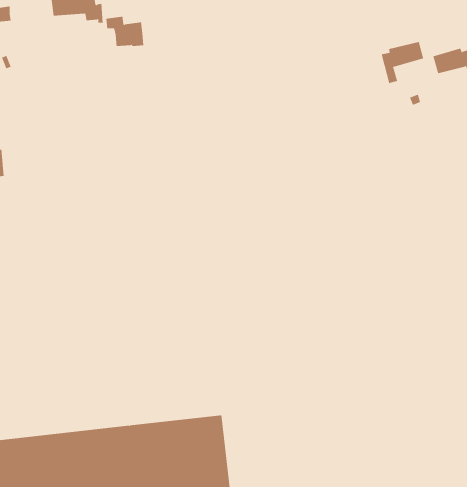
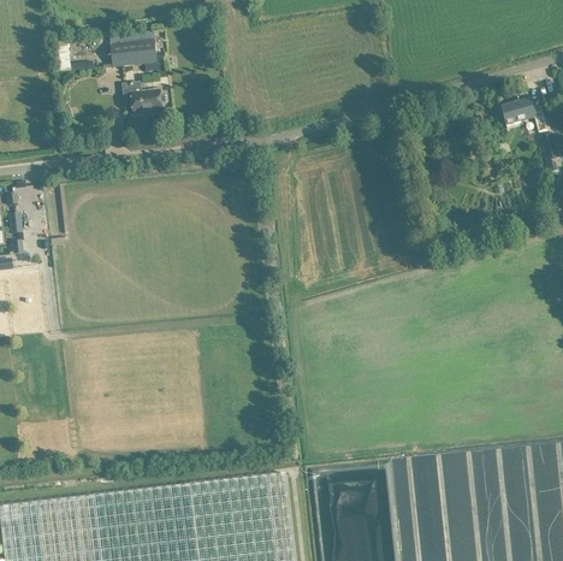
building: [105,16,144,47] -> [122,82,161,113]
building: [381,41,424,84] -> none

